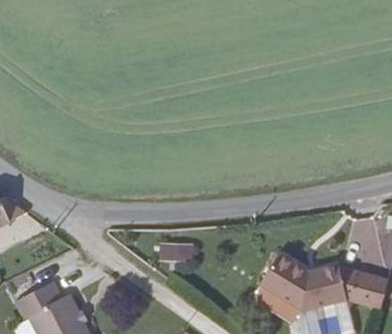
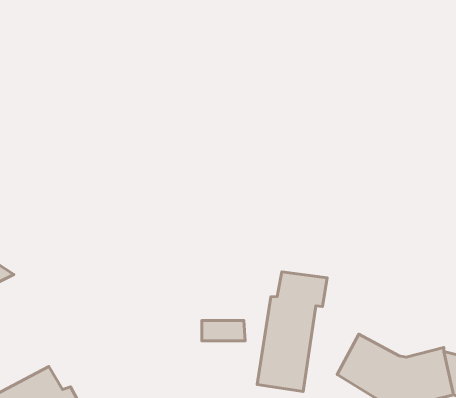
building: none -> [257,272,327,392]

